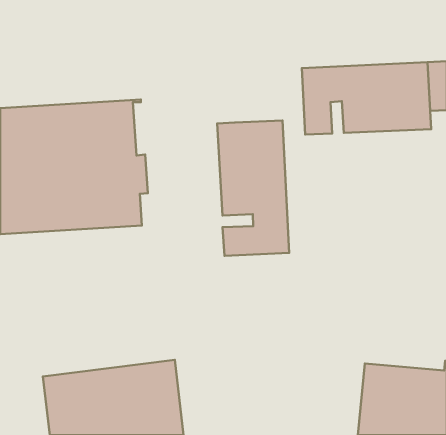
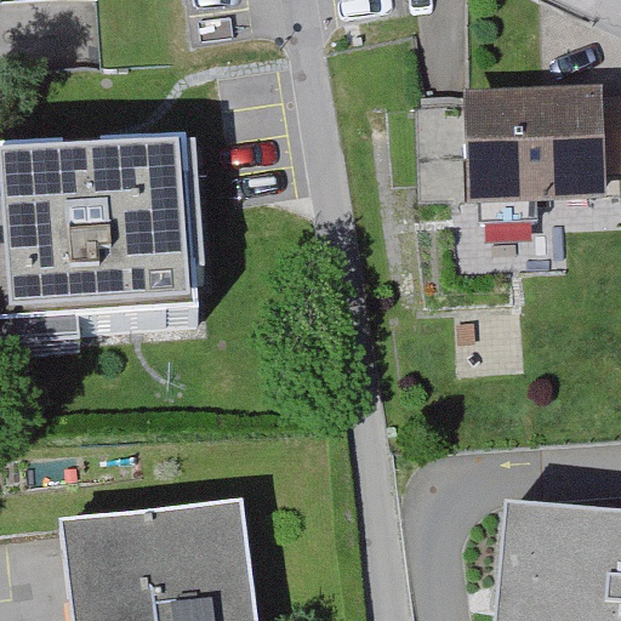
building: [217,121,289,256] -> none

